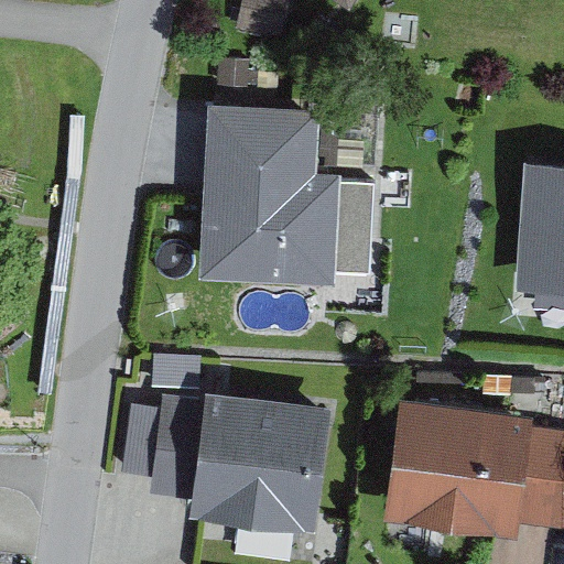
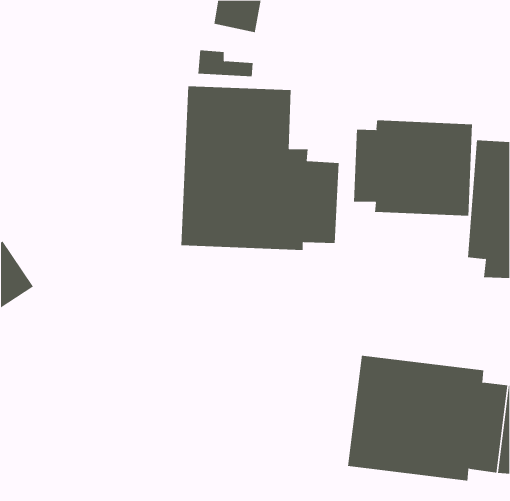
building: none -> [354,120,473,216]
building: [121,392,330,532] -> none

